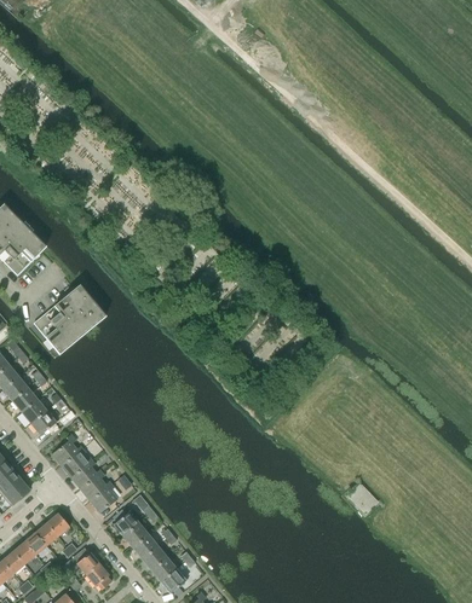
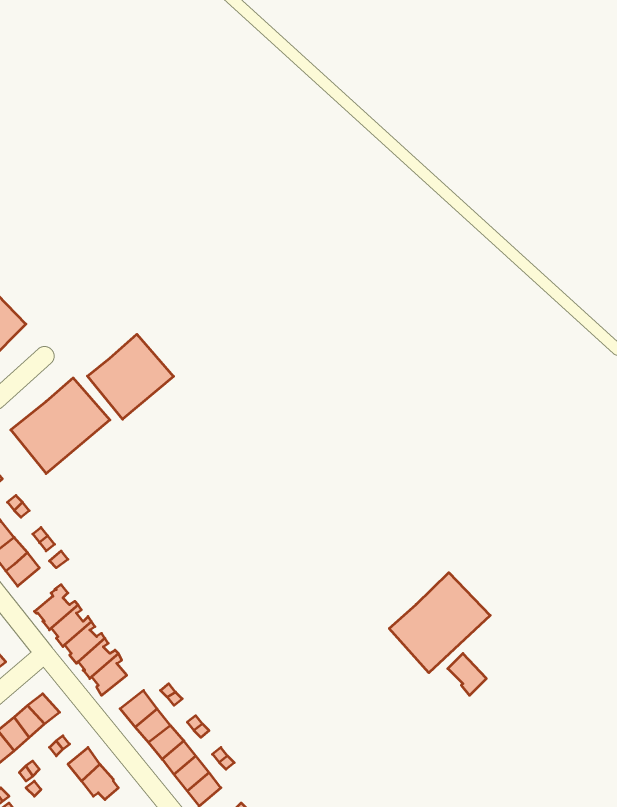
building: none -> [87,334,174,419]
building: none -> [389,573,490,673]

